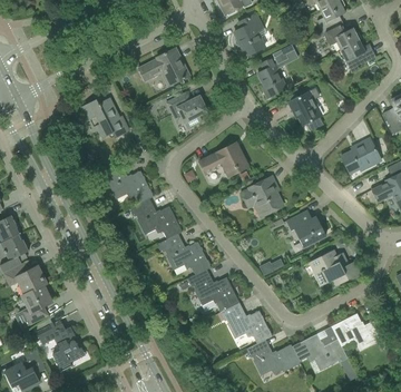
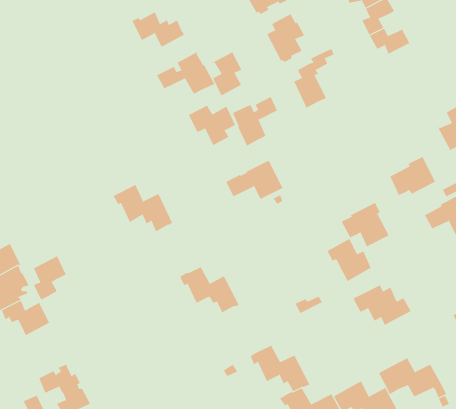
building: none -> [132,11,185,47]
building: [340,40,375,72] -> none
building: none -> [212,52,242,96]
building: none -> [230,96,278,147]
building: [287,88,323,130] -> none
building: [81,98,128,137] -> none
building: [241,176,283,215] -> [341,202,390,247]
building: [129,198,182,239] -> none
building: [187,268,238,312] -> none
building: [22,284,51,323] -> [33,255,67,300]

